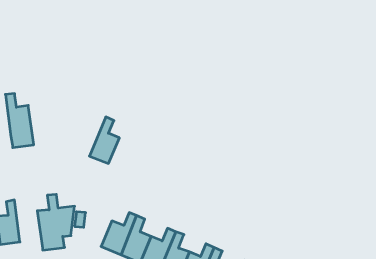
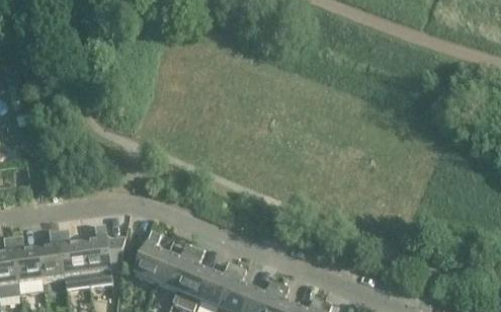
building: [5,94,34,148] -> [58,229,89,289]
building: [89,117,119,163] -> [133,230,166,282]

